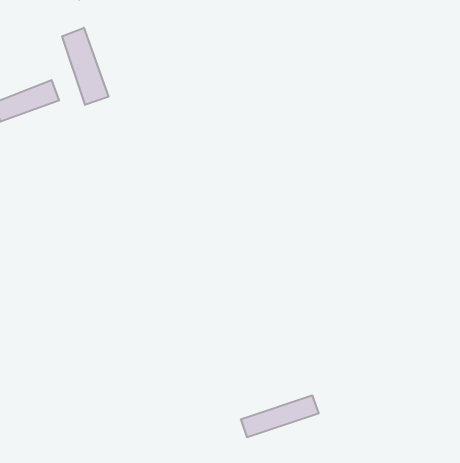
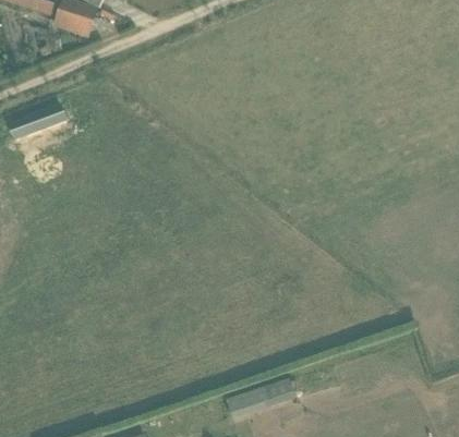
building: [62,28,109,105] -> none

